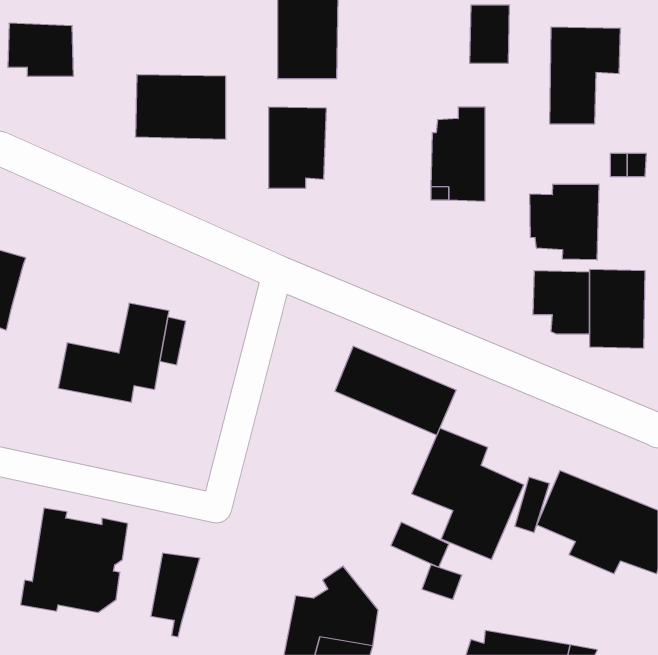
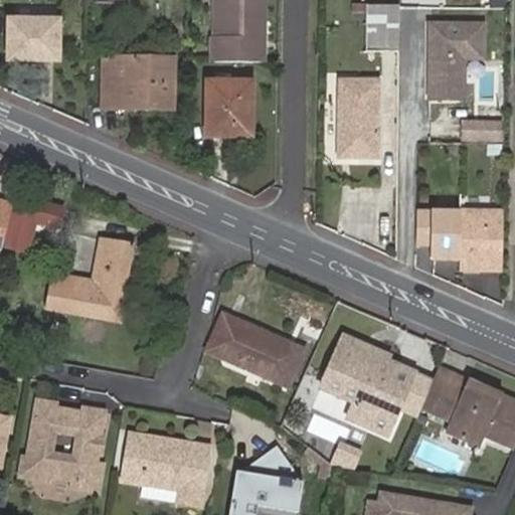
building: [530,184,599,260] -> none
building: none -> [9,194,69,247]
building: [335,346,456,435] -> [211,316,306,385]
building: none -> [139,436,205,507]

